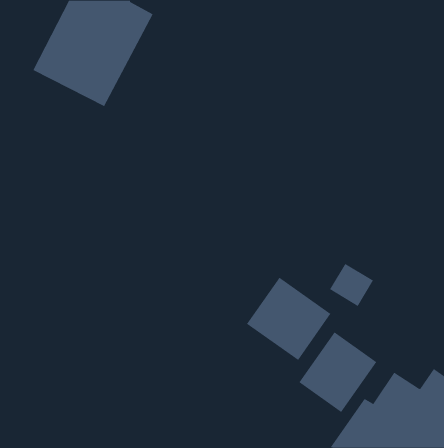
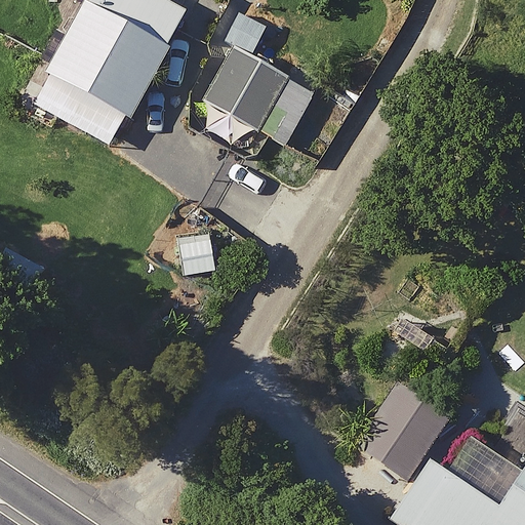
building: none -> [201,19,311,145]
building: [246,277,331,361] -> none

